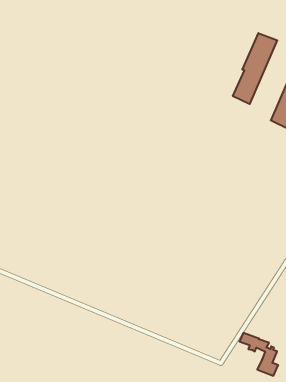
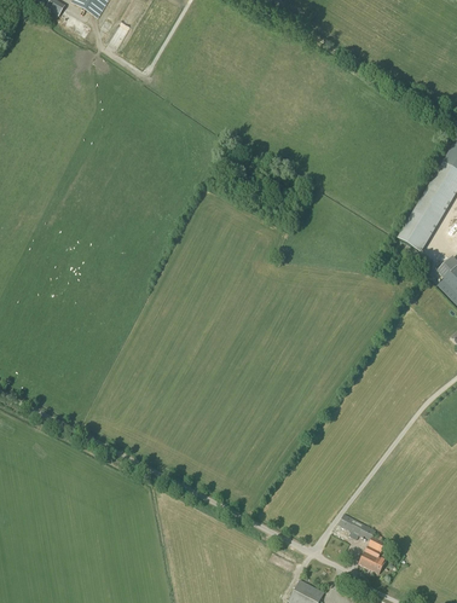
building: [233,33,277,104] -> none

